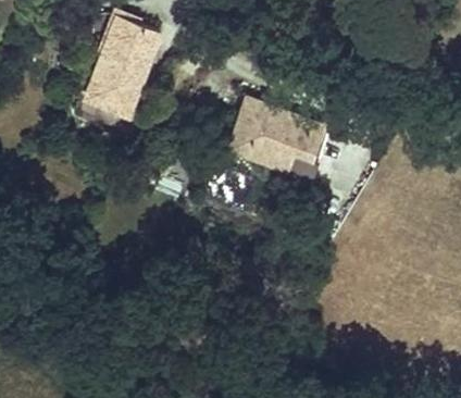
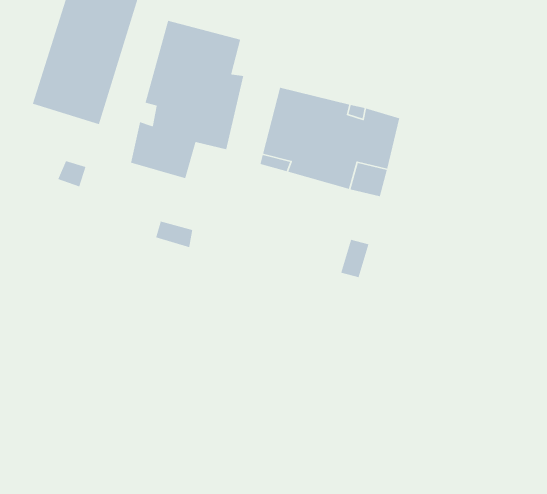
building: none -> [130,20,244,179]

